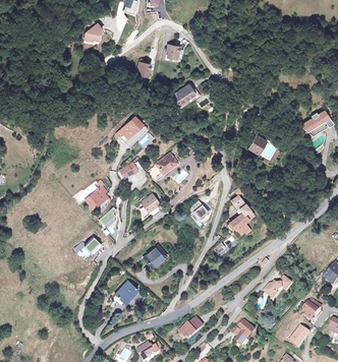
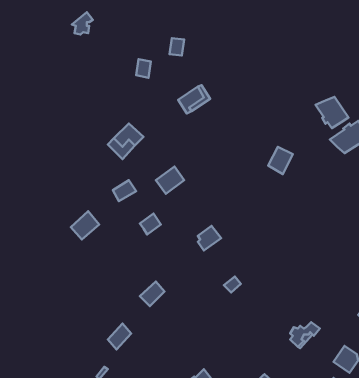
building: none -> [316,97,349,128]
building: [226,193,247,232] -> none

